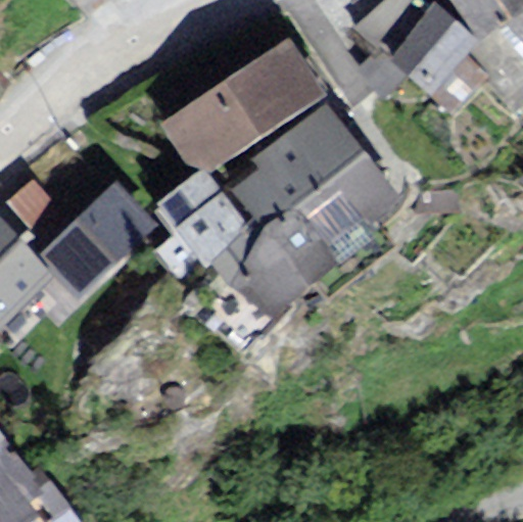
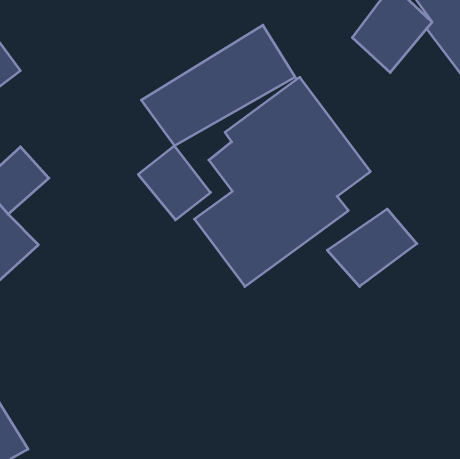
building: [32,177,153,296] -> none
building: none -> [327,209,417,287]

